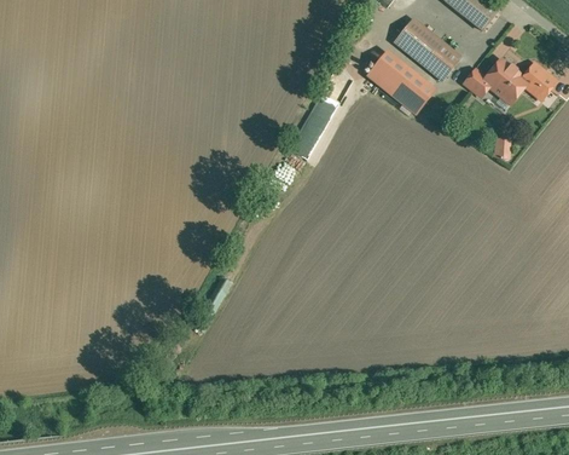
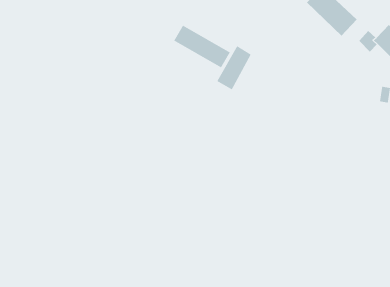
building: [367,52,435,115] -> none
building: none -> [174,25,231,68]

